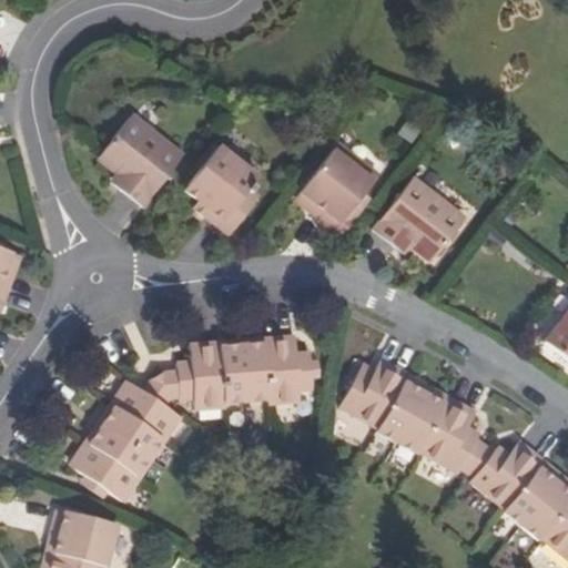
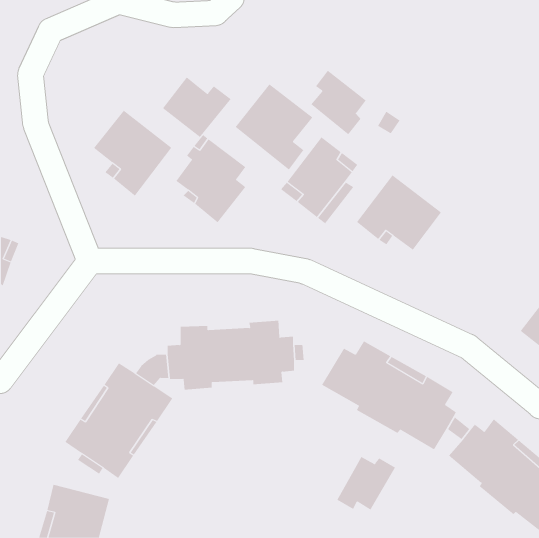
building: none -> [311,70,367,135]
building: none -> [162,77,231,138]
building: none -> [235,83,313,170]
building: none -> [336,456,396,510]

